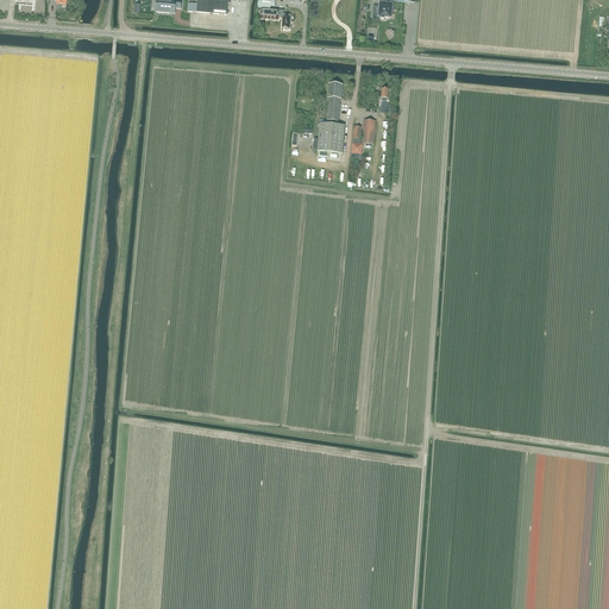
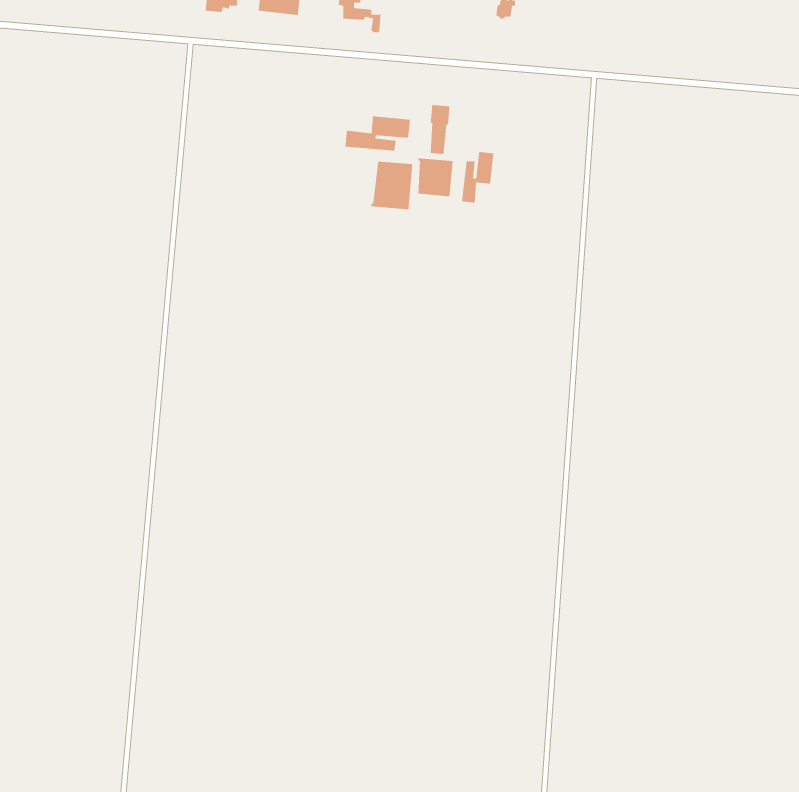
building: none -> [345,116,410,151]
building: none -> [370,161,413,210]

